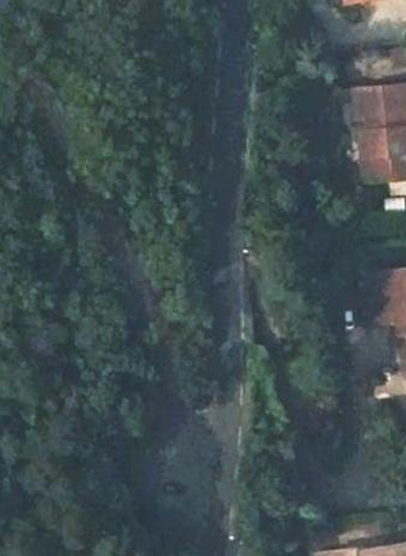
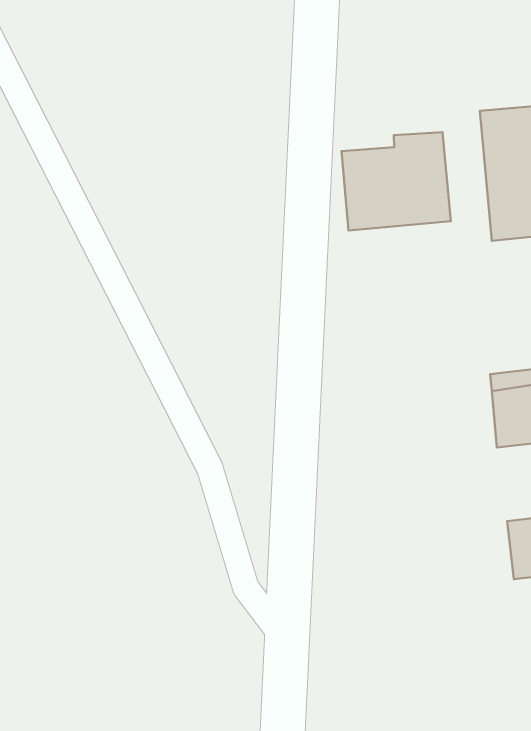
building: none -> [342,132,451,231]

